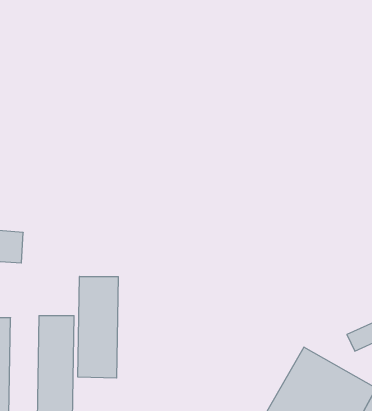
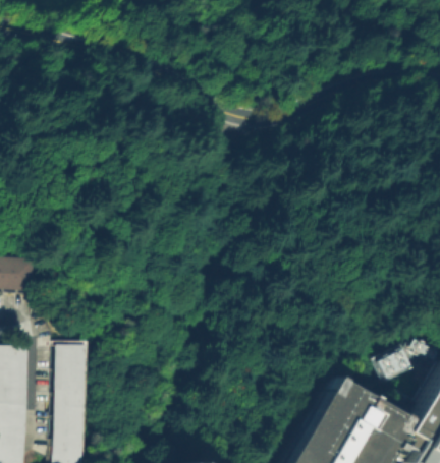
building: [78,276,118,378] -> none

